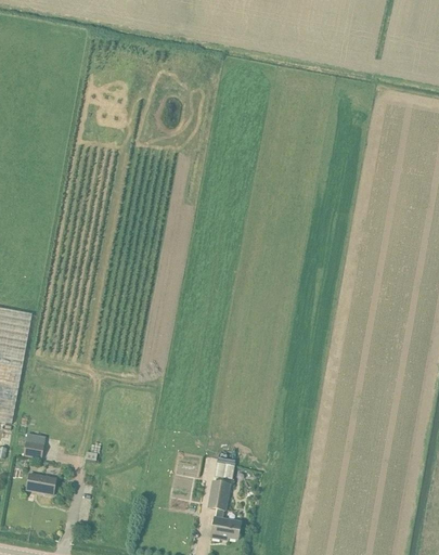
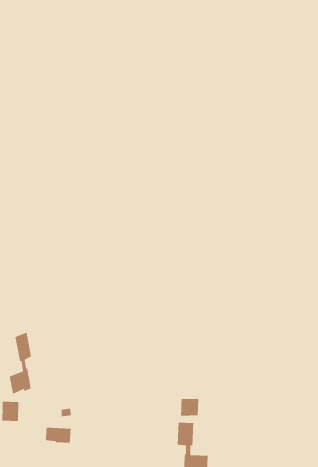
building: none -> [9,331,32,395]
building: [24,473,54,494] -> [45,427,71,444]

